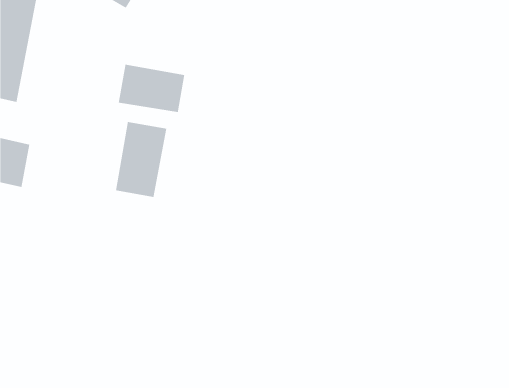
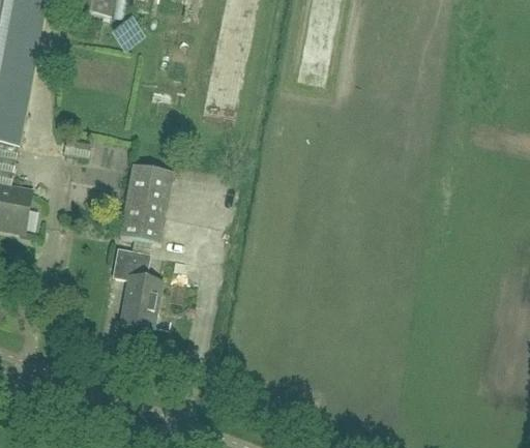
building: [118,64,185,113] -> none
building: none -> [113,247,161,328]

